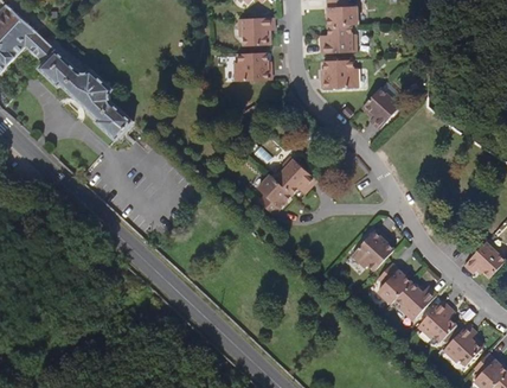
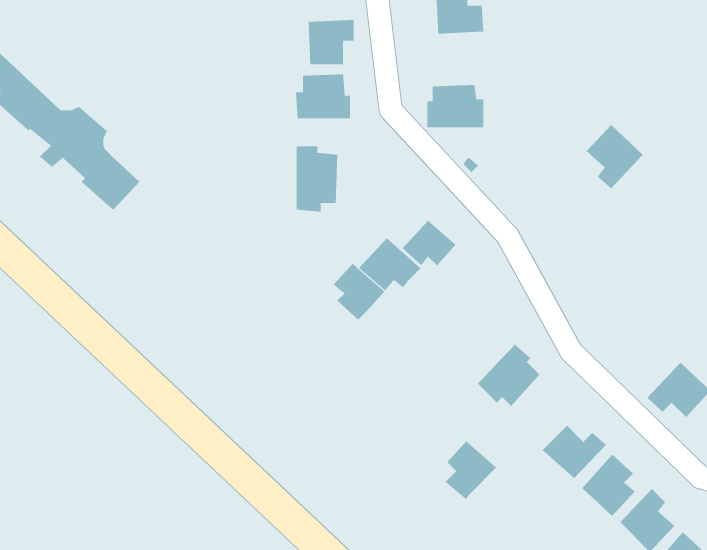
building: [321,24,352,52] -> none
building: [364,87,402,129] -> [586,124,644,189]
building: none -> [296,146,338,212]
building: none -> [402,220,456,266]
building: [378,265,412,304] -> [445,441,497,500]

